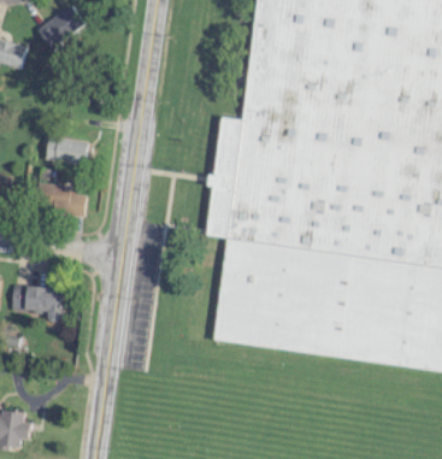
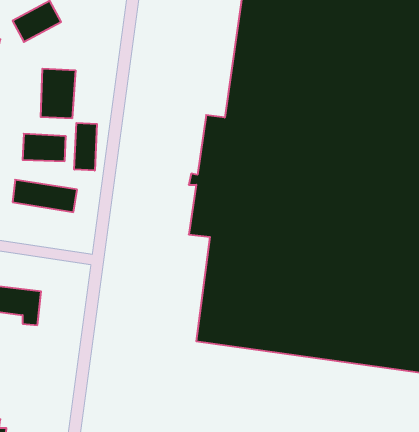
building: none -> [41,69,75,118]
building: none -> [74,123,97,171]

